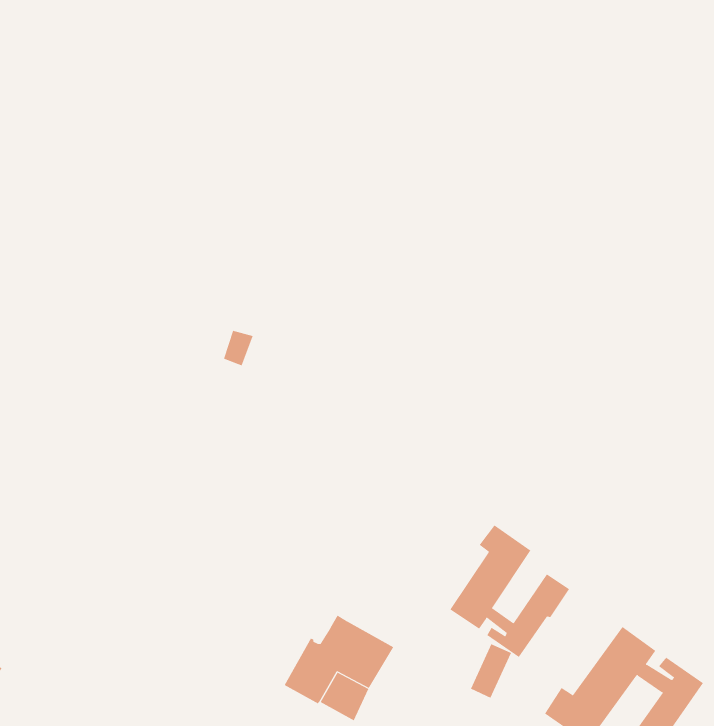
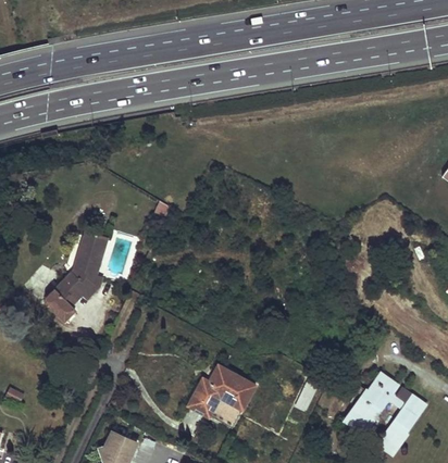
building: none -> [49,234,108,320]
building: [450,525,570,658] -> none

